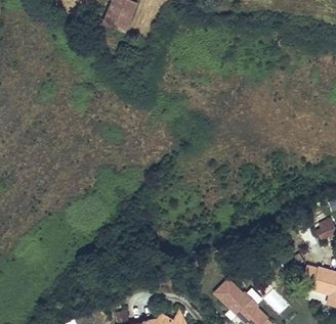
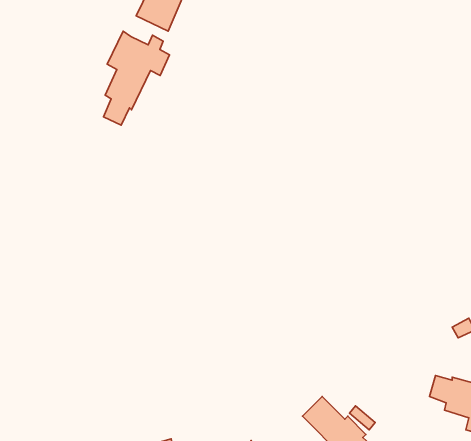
building: none -> [104,31,170,125]

